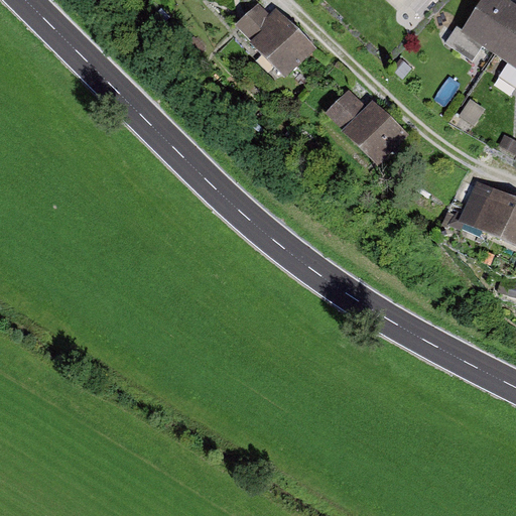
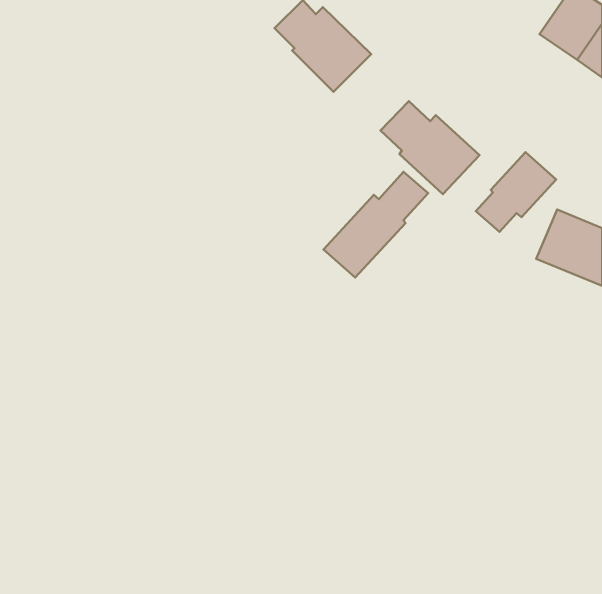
building: none -> [476,152,556,232]
building: none -> [323,172,428,278]

